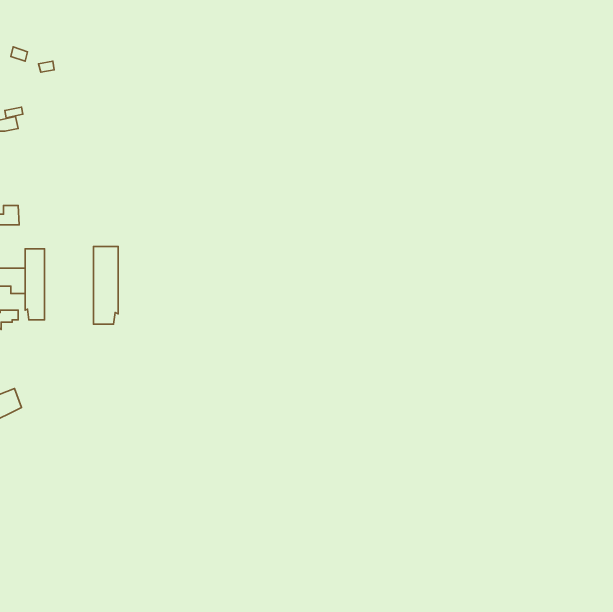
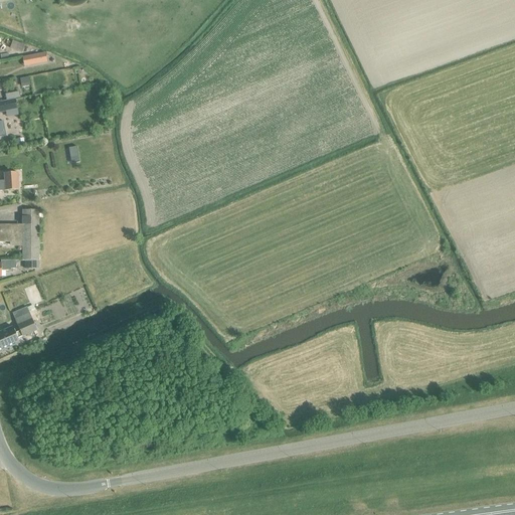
building: [93,246,118,324] -> none
building: none -> [11,306,35,335]

